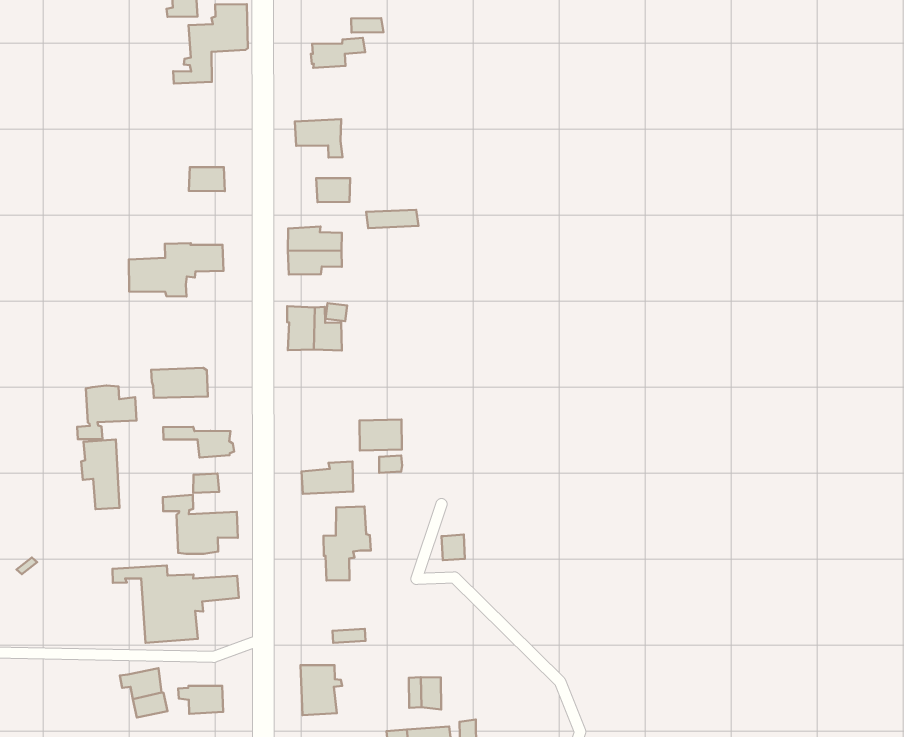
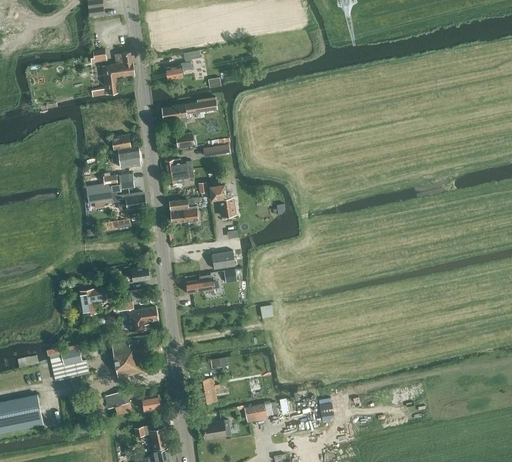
building: none -> [184,95,217,115]
building: none -> [117,147,140,168]
building: none -> [208,184,235,217]
building: [151,368,208,398] -> [116,192,146,210]
building: [77,386,137,439] -> none
building: [324,506,371,580] -> none
building: none -> [54,349,89,380]

